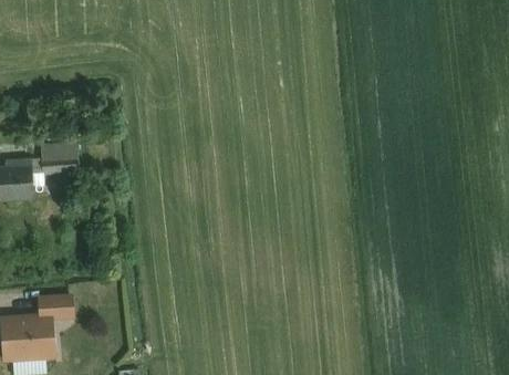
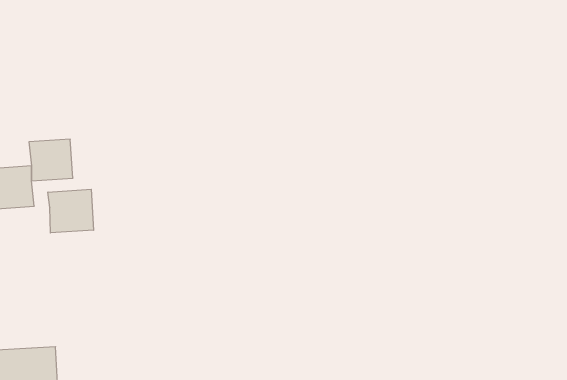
building: none -> [48,189,94,233]
building: [38,294,76,315] -> none

